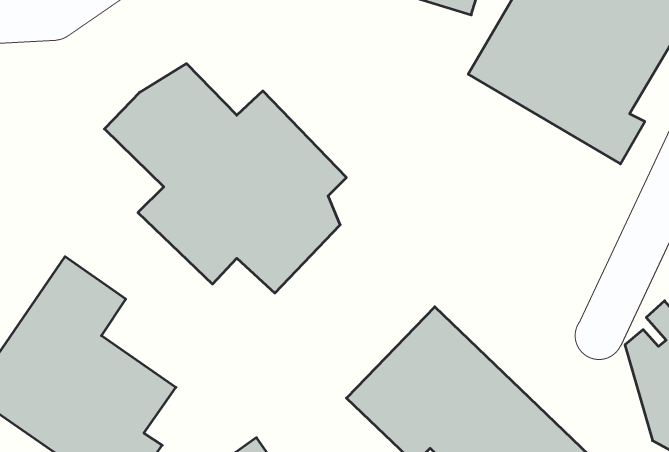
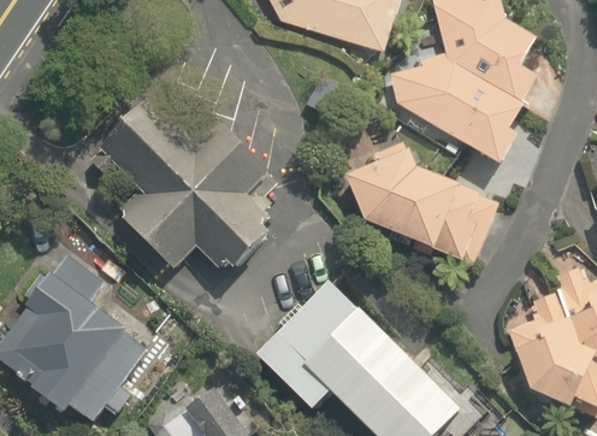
building: none -> [331,154,498,270]

